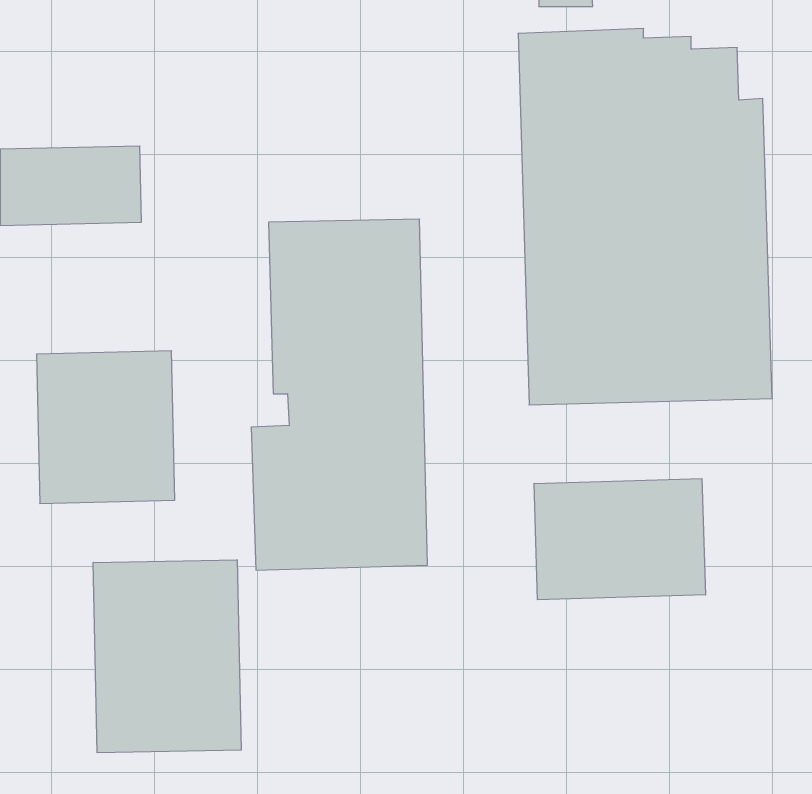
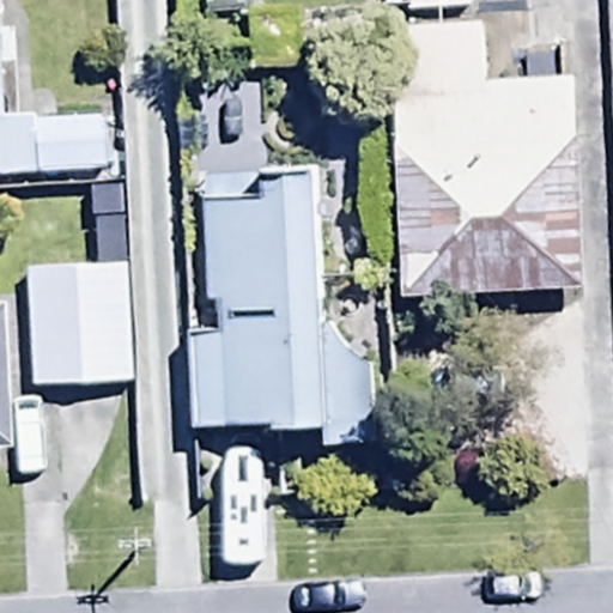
building: [534,479,705,600] -> none
building: [93,560,241,753] -> none

